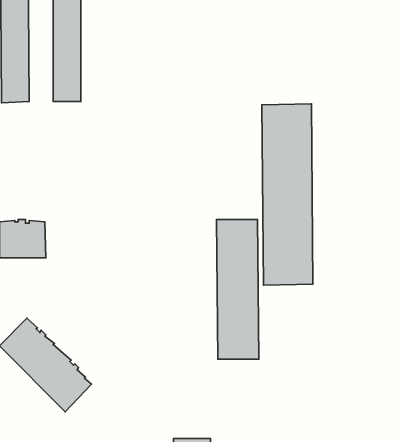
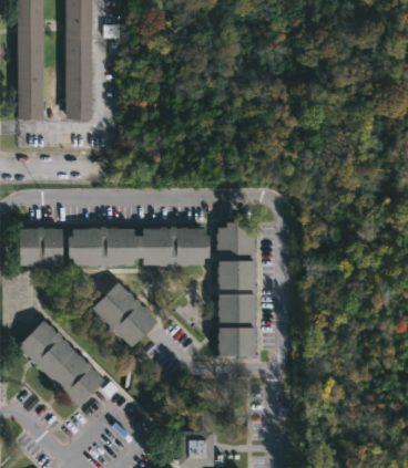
building: [262,104,313,285] -> none
building: none -> [65,228,205,264]
building: none -> [90,280,154,345]

